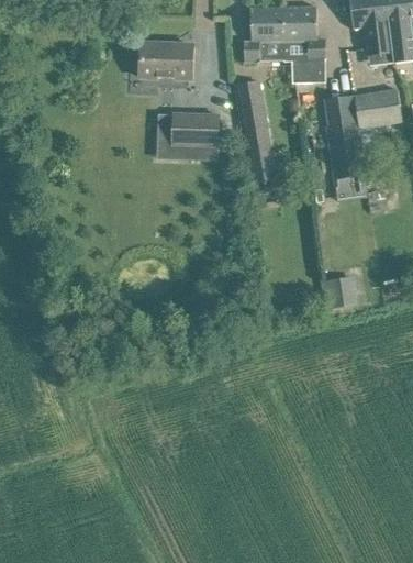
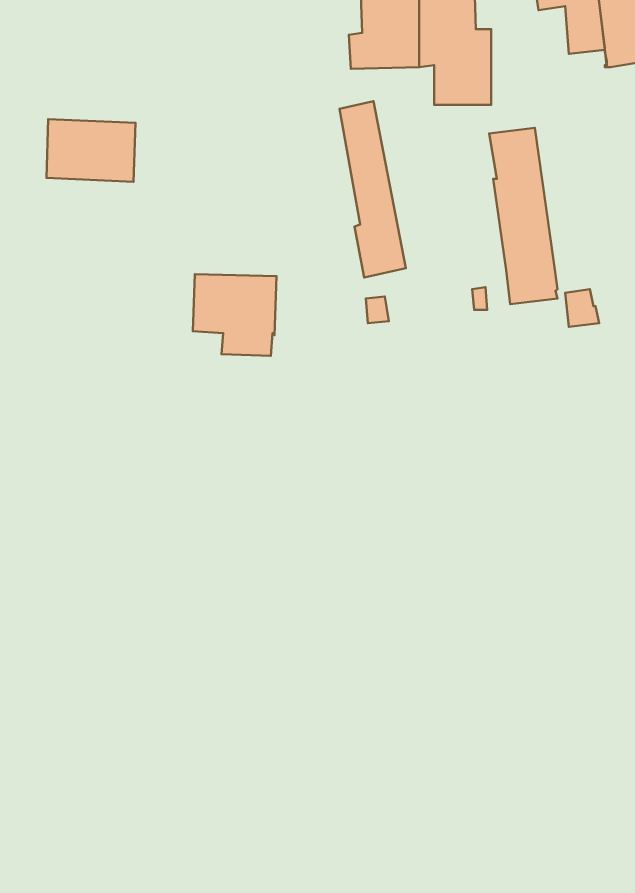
building: [139,42,191,78] -> [46,119,136,182]
building: [354,89,401,129] -> none
building: [170,112,219,159] -> [193,274,276,356]
building: [322,277,354,306] -> none

